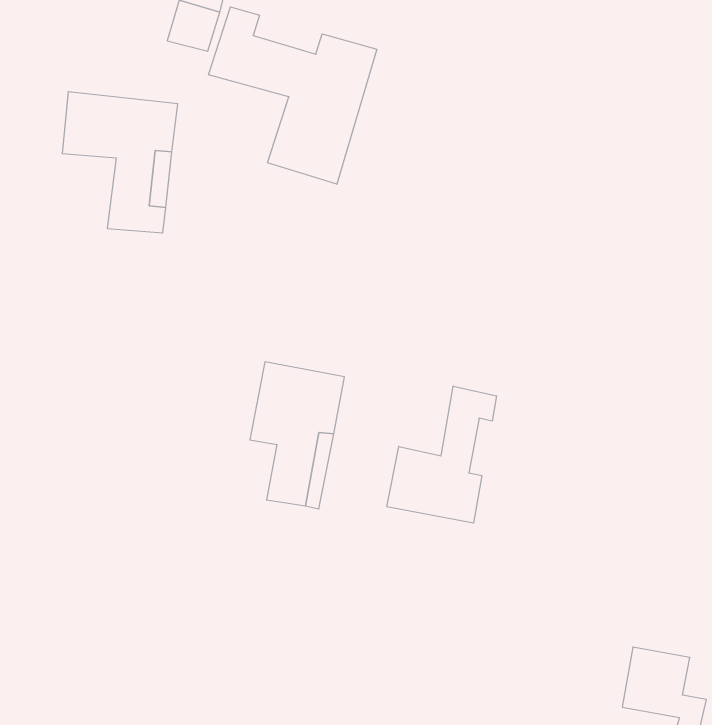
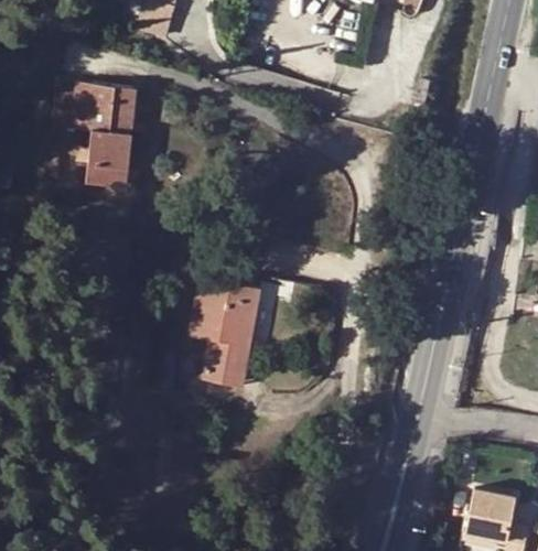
building: [208,7,377,184] -> none
building: [387,386,497,523] -> none

